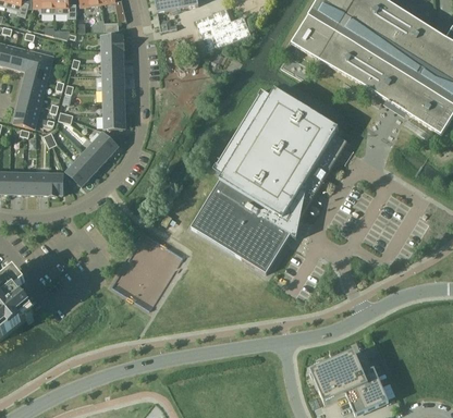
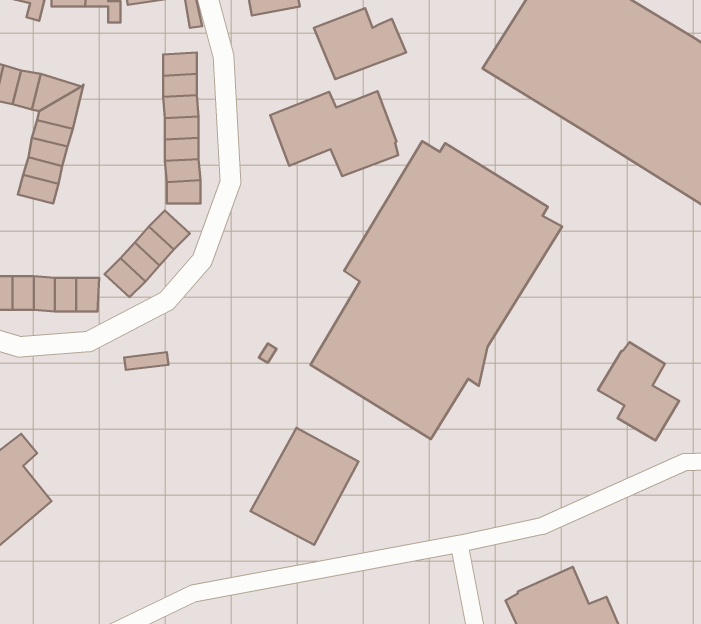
building: none -> [270,91,398,176]
building: none -> [598,342,679,440]
building: [115,233,182,305] -> [250,428,359,545]

